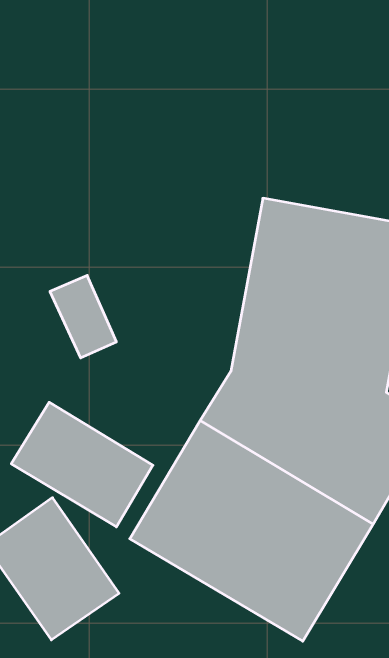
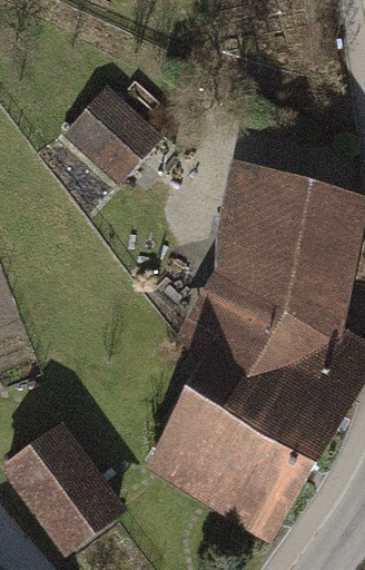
building: none -> [60,76,157,170]
building: [11,402,153,527] -> none

